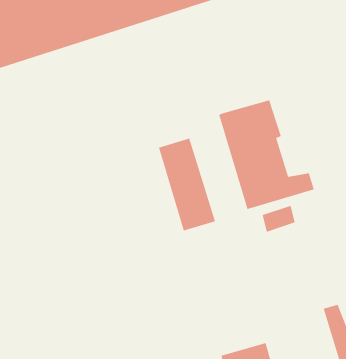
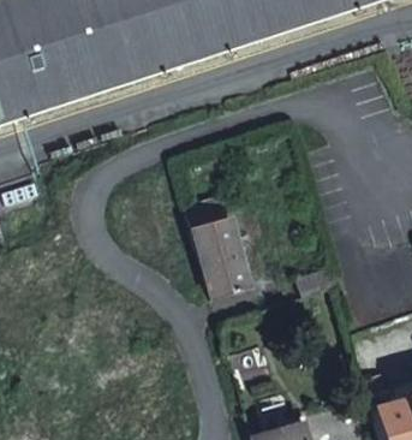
building: [218,99,315,210] -> none

